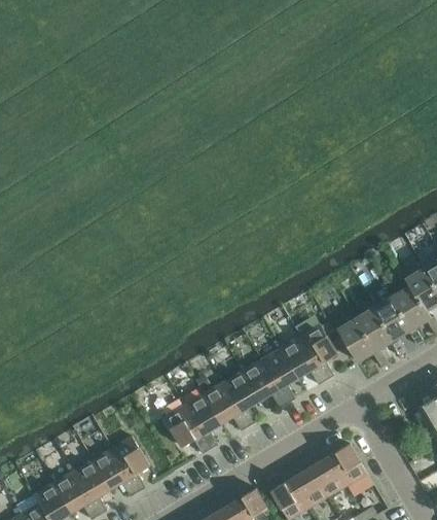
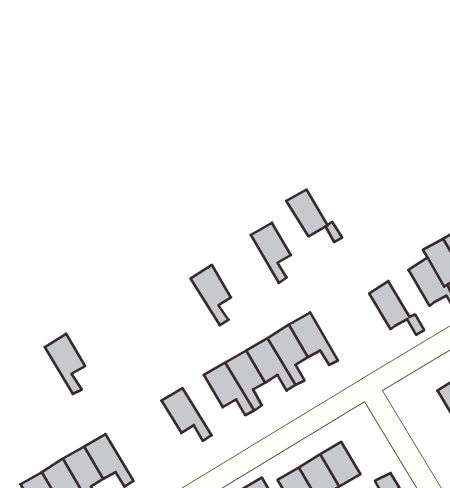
building: [373,297,425,345] -> none
building: [337,318,389,367] -> [286,190,342,242]
building: [301,324,338,380] -> [251,223,291,283]
building: [184,393,221,449] -> [191,265,231,325]
building: [113,436,150,491] -> [45,334,85,394]
building: [330,444,368,485] -> none

